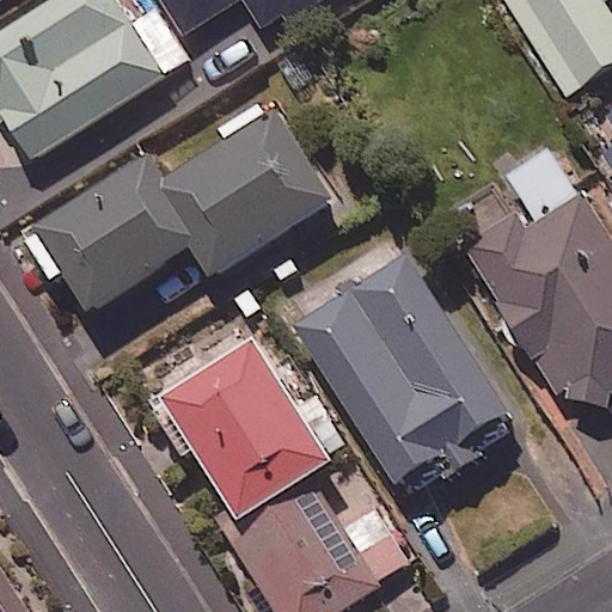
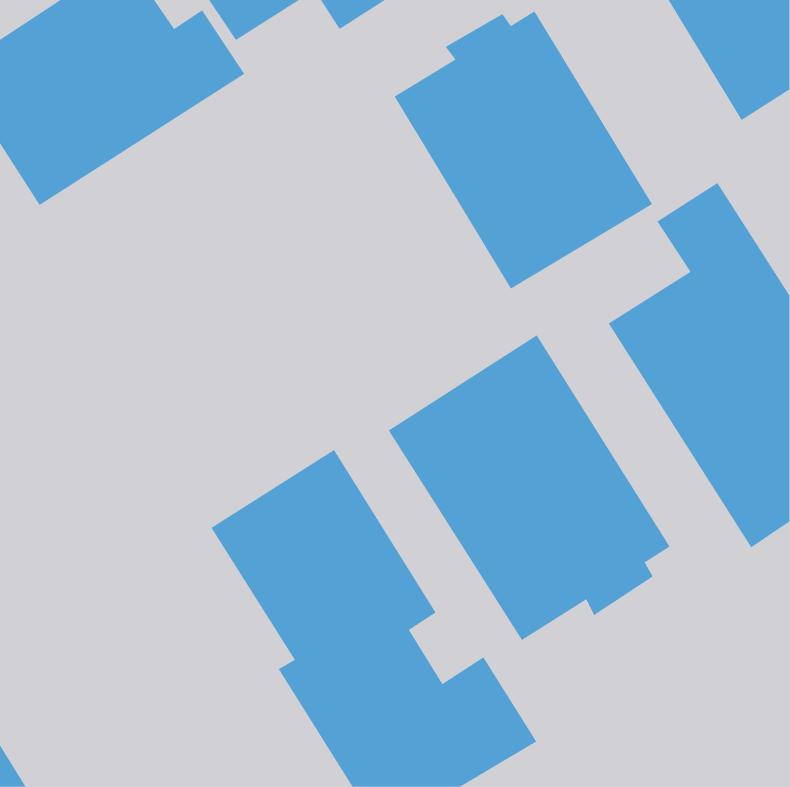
building: none -> [394,11,653,290]
building: [36,112,333,313] -> none

